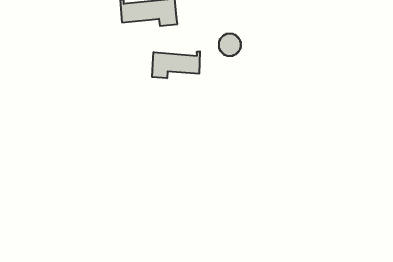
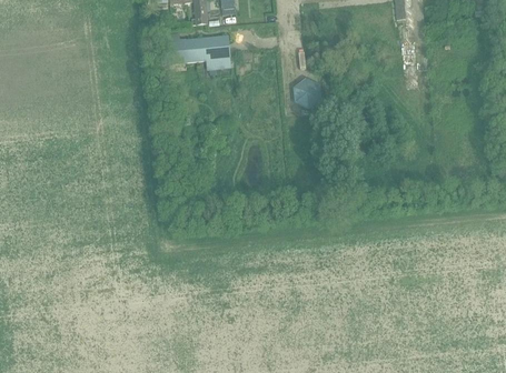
building: [152,51,200,78] -> none

